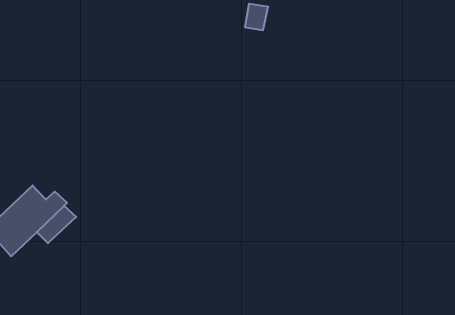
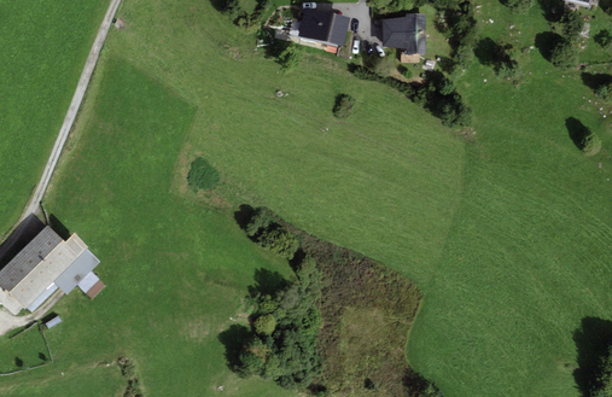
building: none -> [322,12,350,45]
building: none -> [383,12,426,53]

